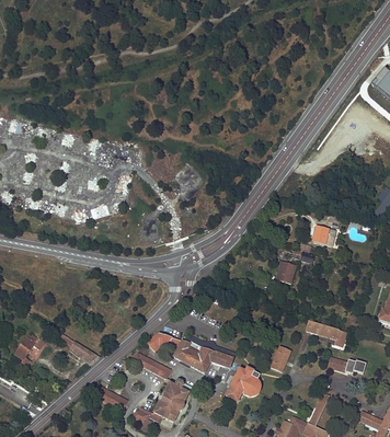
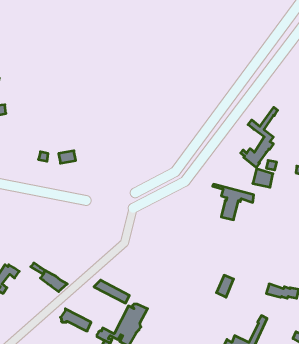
building: none -> [241,107,278,168]
building: [306,320,346,345] -> none
building: [148,332,233,371] -> none
building: [226,367,260,401] -> none

